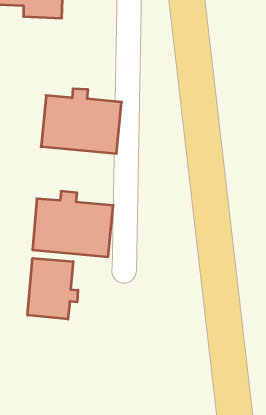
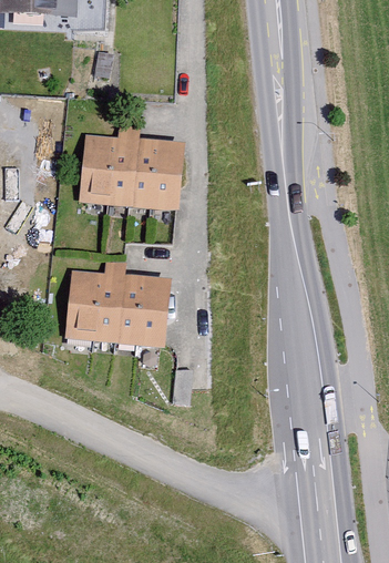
building: [28,258,78,319] -> none

